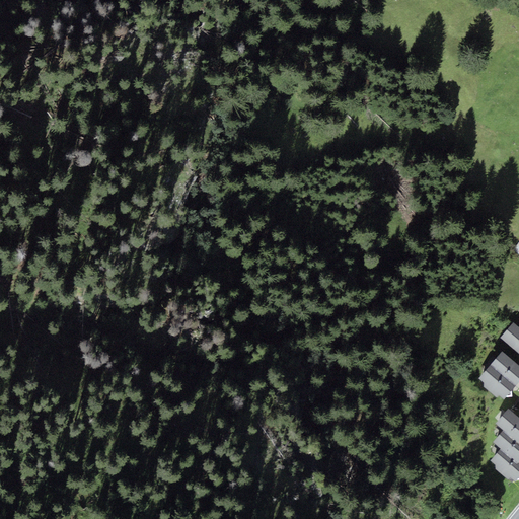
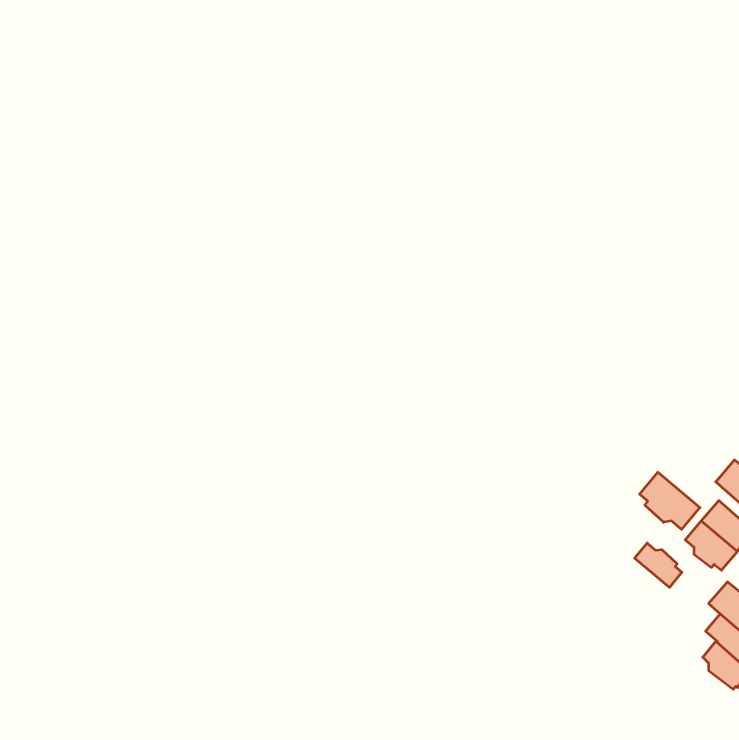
building: none -> [640,472,700,529]
building: none -> [635,543,682,587]

